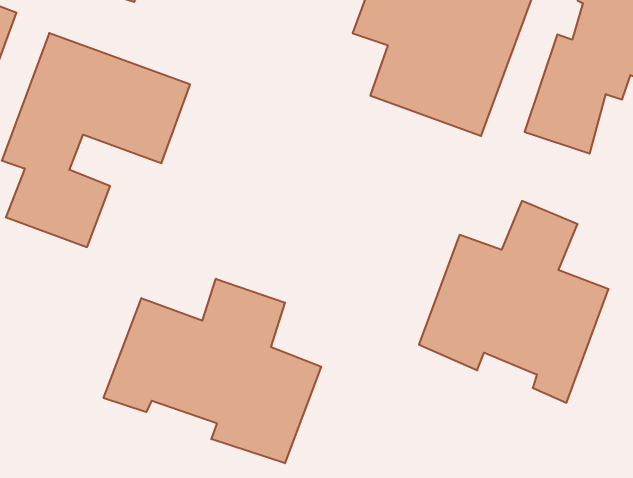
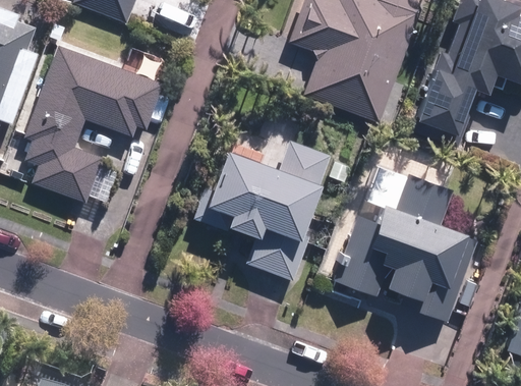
building: none -> [204,144,332,278]
building: [104,279,321,463] -> none

